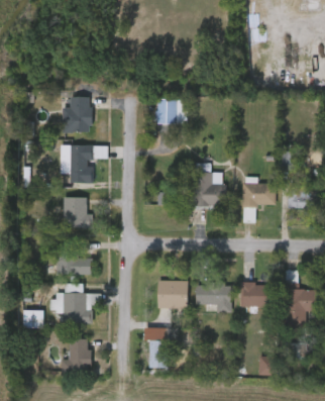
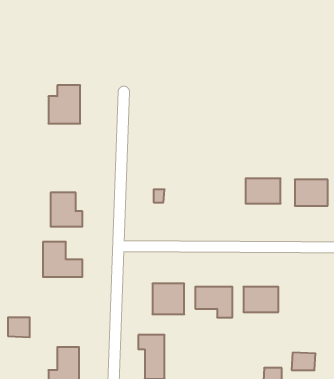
building: [155,100,186,124] -> none
building: [69,145,92,184] -> none
building: [184,173,225,207] -> none
building: [62,284,99,323] -> none
building: [285,290,315,329] -> none

